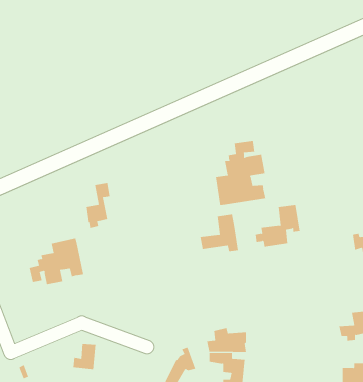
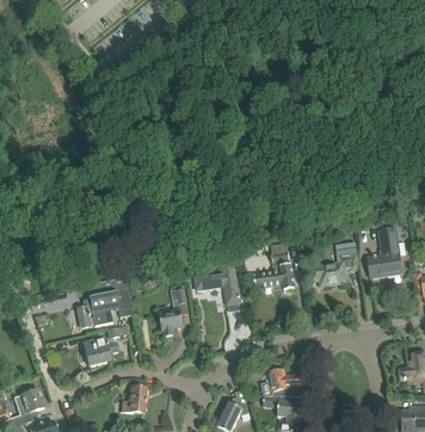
building: [216,140,266,206] -> none
building: [85,183,111,228] -> [159,288,185,335]
building: none -> [367,227,404,277]
building: none -> [193,263,240,304]
building: none -> [84,326,122,364]

